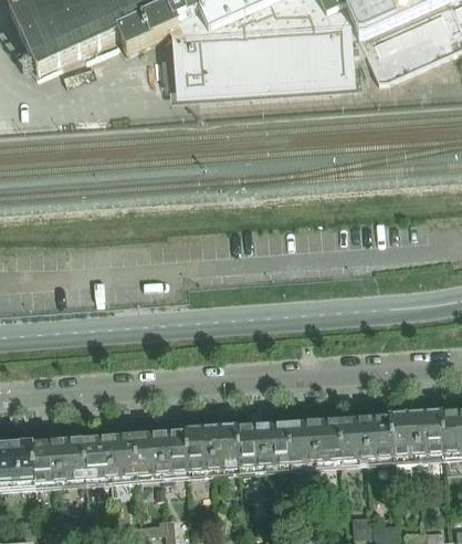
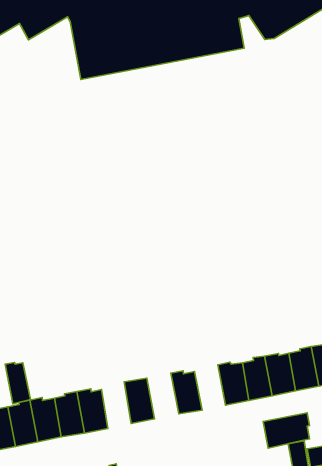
building: none -> [5,362,31,404]
building: [263,421,292,468] -> none
building: [211,425,241,471] -> none
building: [161,428,189,475] -> none
building: none -> [263,413,310,448]

